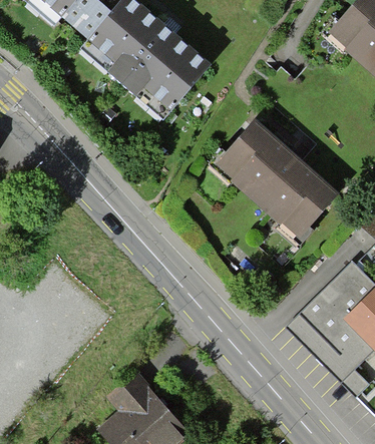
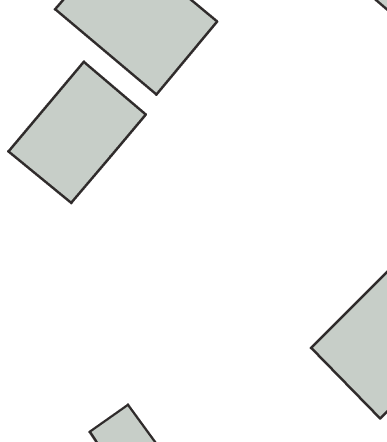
building: none -> [8,62,146,203]
building: [218,121,338,235] -> none

